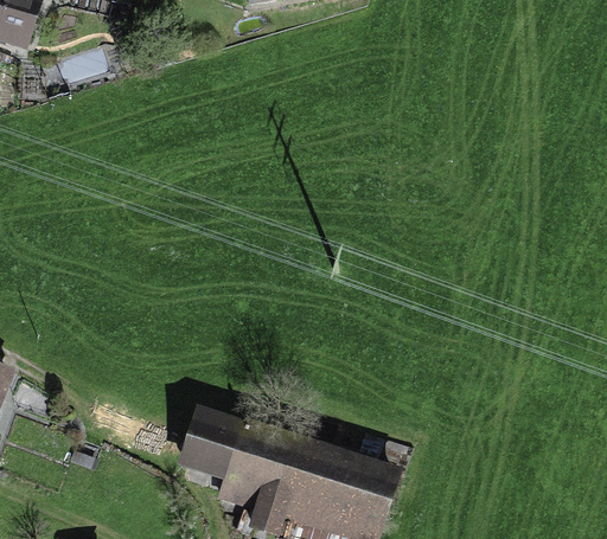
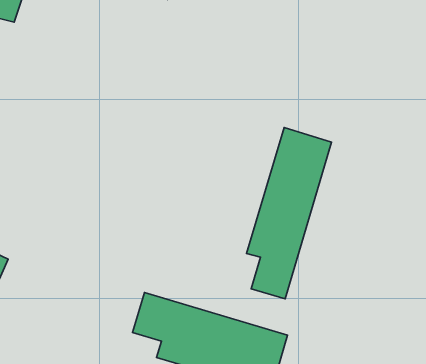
building: none -> [247,128,332,299]

